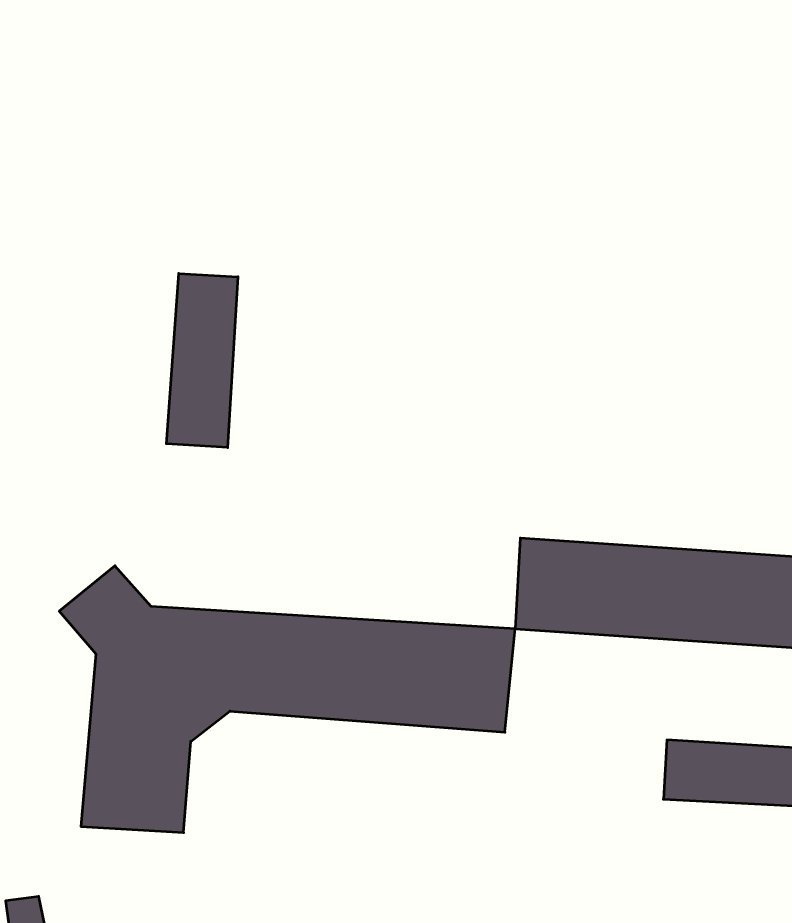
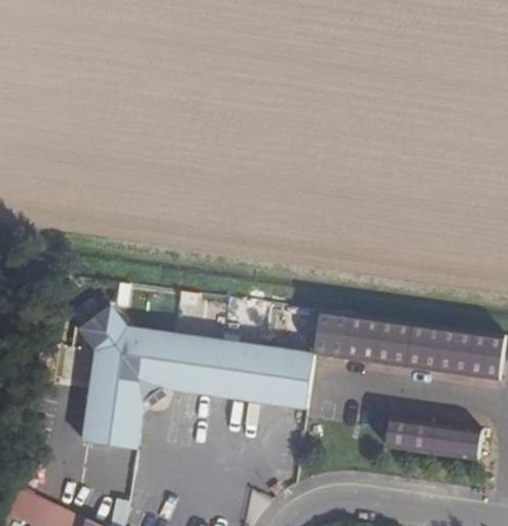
building: [166,273,238,448] -> none

